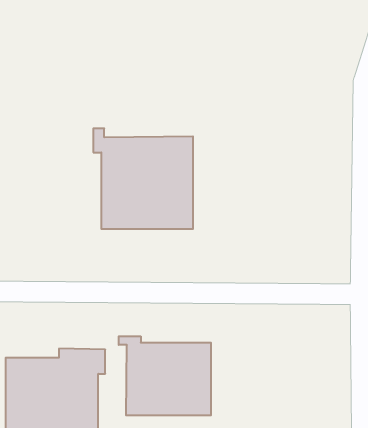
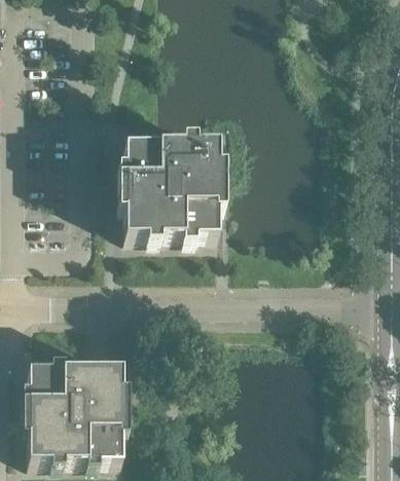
building: [119,336,211,415] -> none

